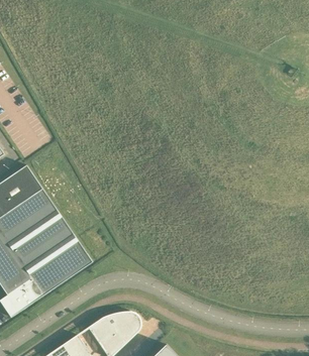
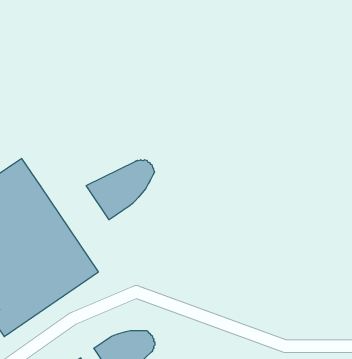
building: none -> [86,160,154,220]

